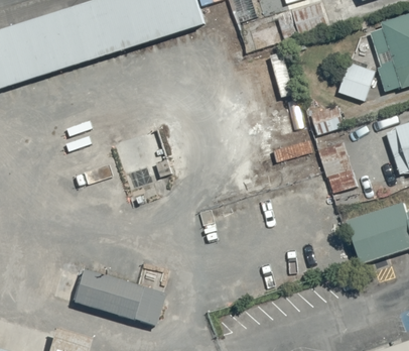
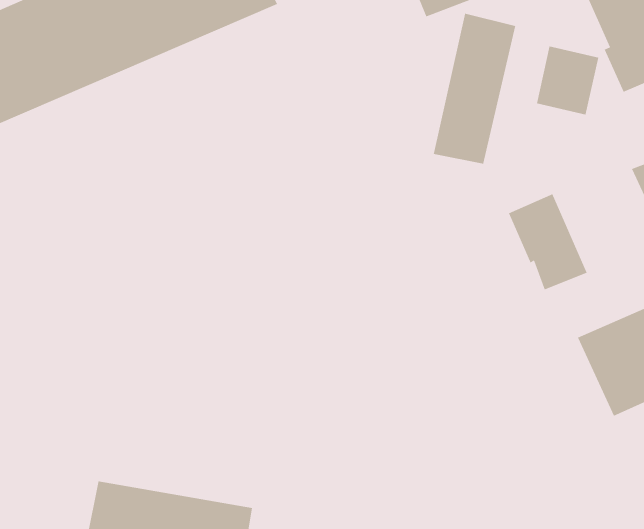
building: none -> [433,13,516,165]

